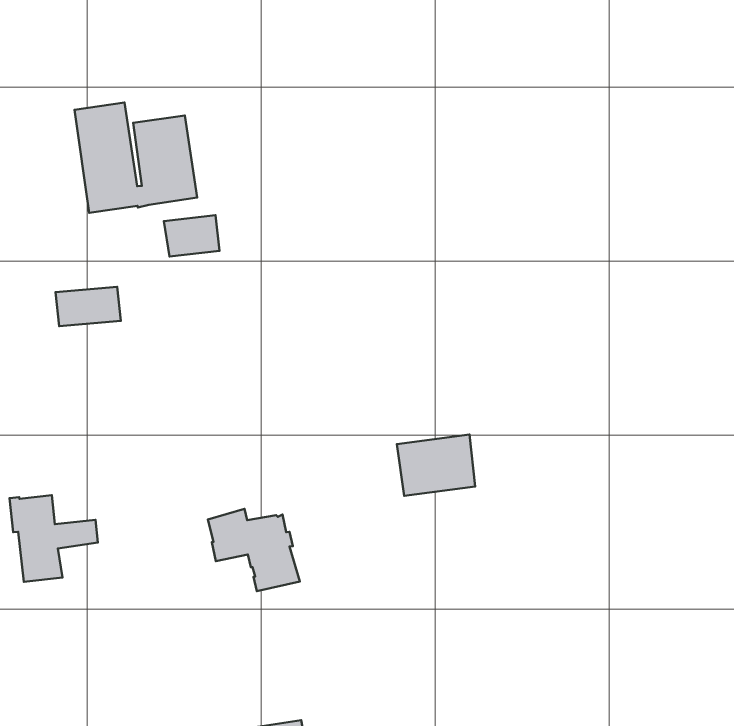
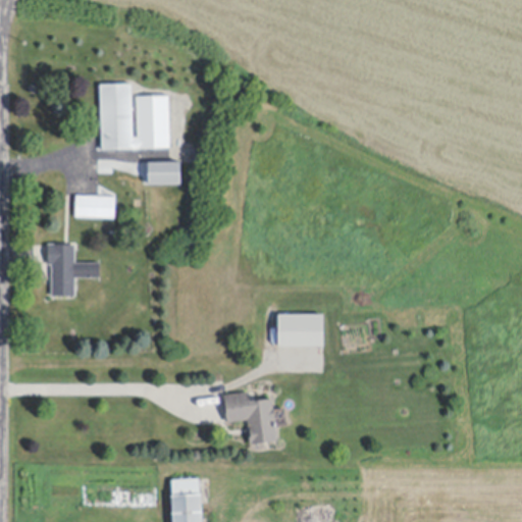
building: [9,495,98,582] -> [47,244,99,297]
building: [208,509,300,591] -> [223,392,276,443]

